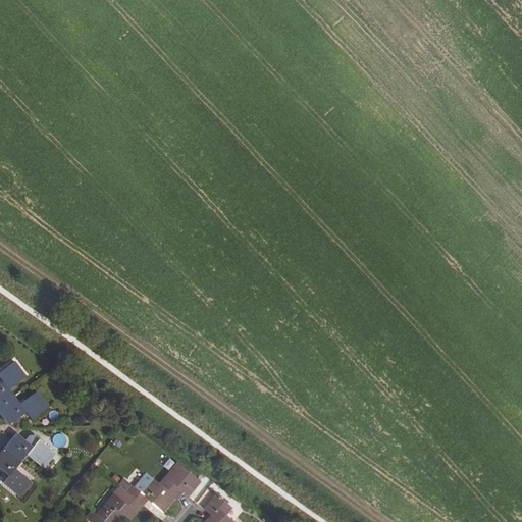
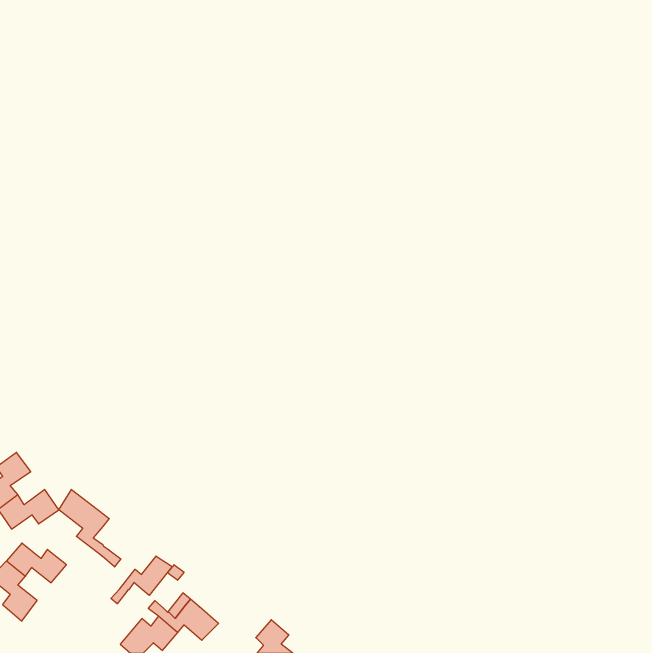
building: none -> [59,489,121,567]
building: none -> [111,556,172,604]
building: [159,462,200,498] -> none

